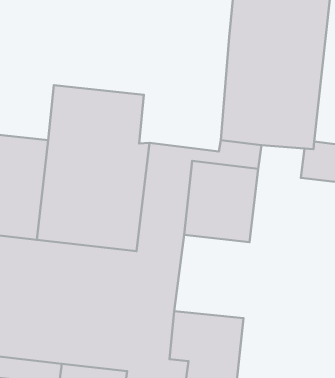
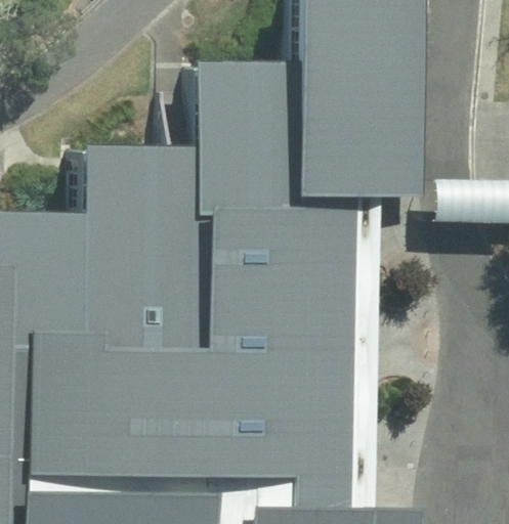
building: none -> [208,60,312,207]
building: none -> [274,317,364,416]

